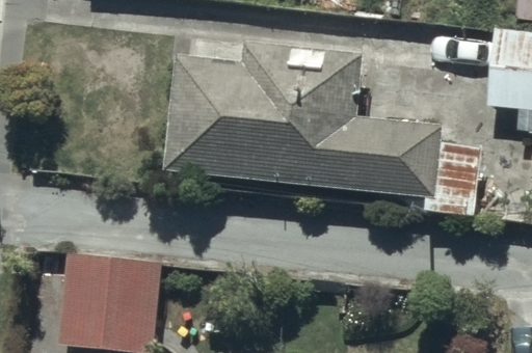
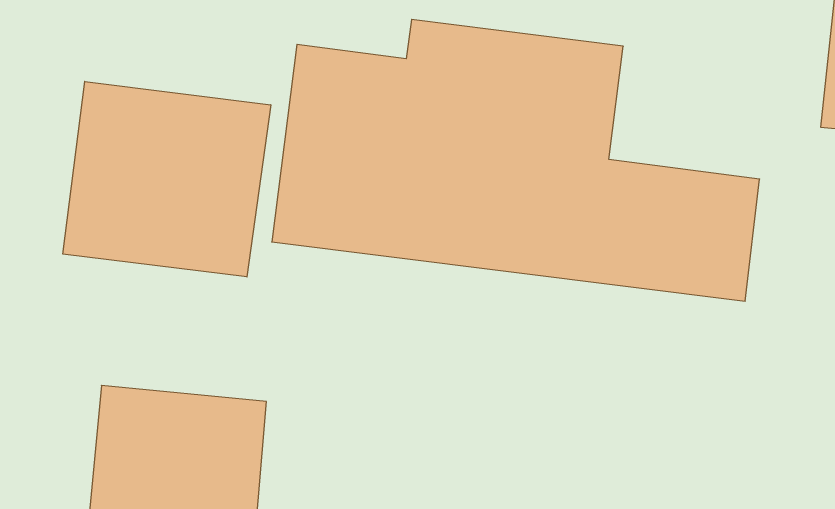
building: none -> [63,81,271,277]

